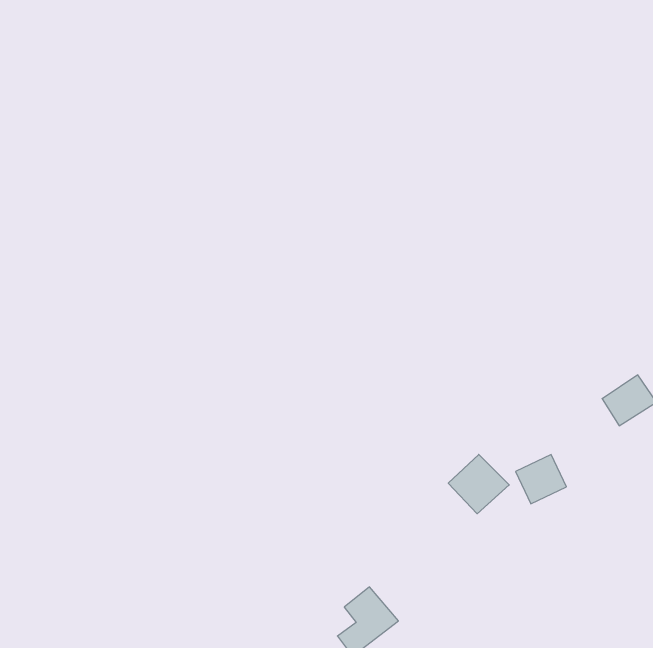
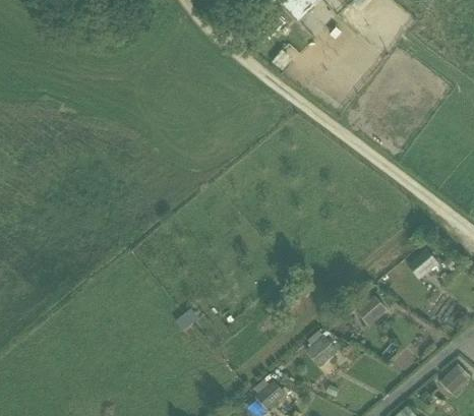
building: [448,454,509,514] -> [303,331,340,366]

